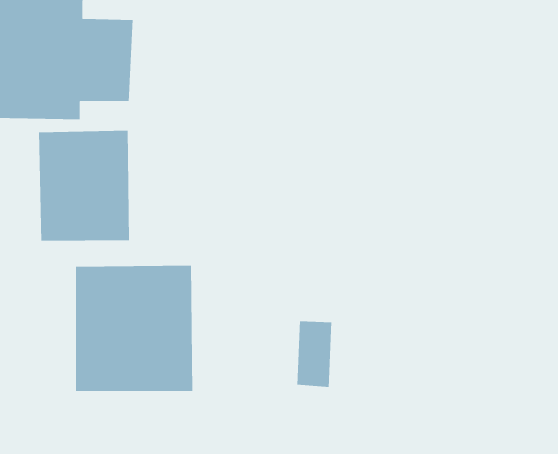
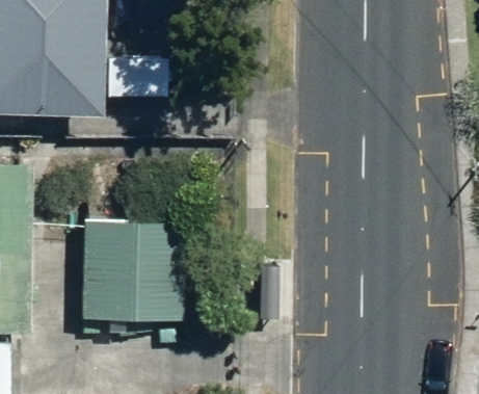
building: [38,130,130,242] -> none

